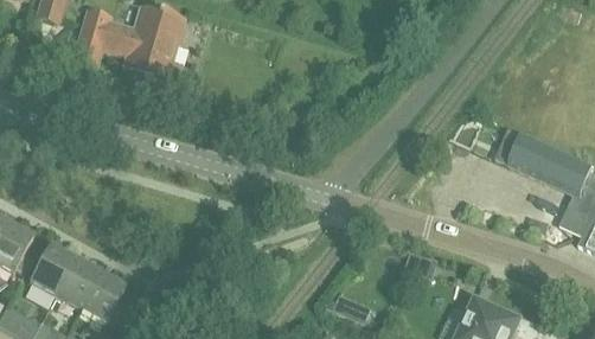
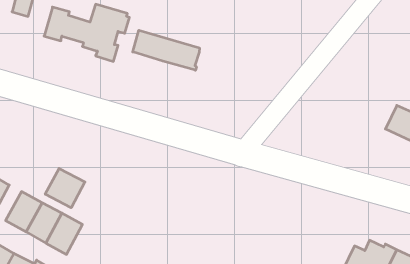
building: none -> [133,30,199,70]
building: none -> [45,168,85,208]

